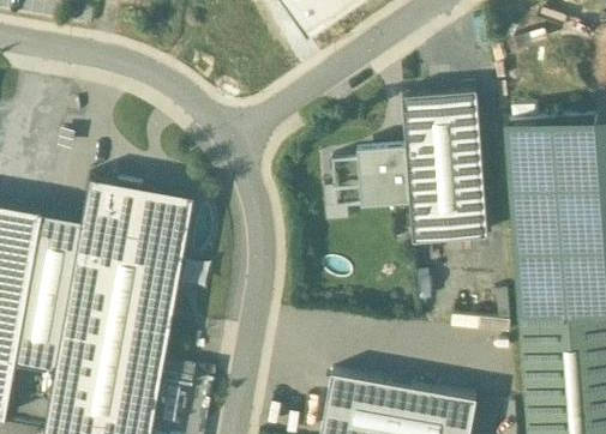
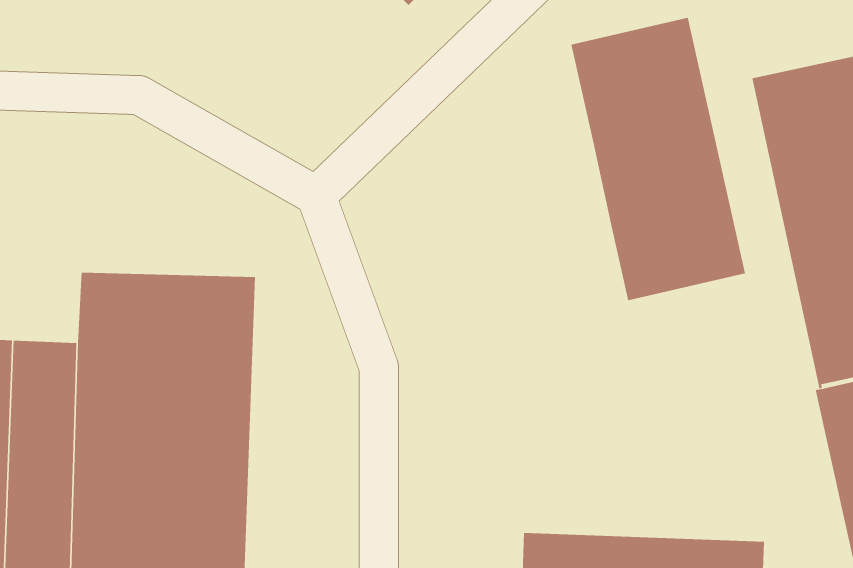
building: [334,149,410,206] -> none

